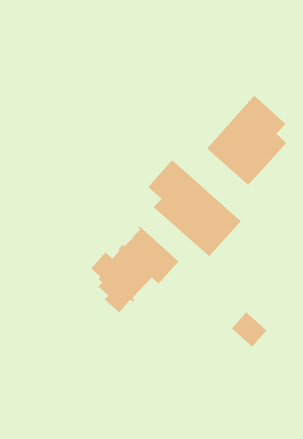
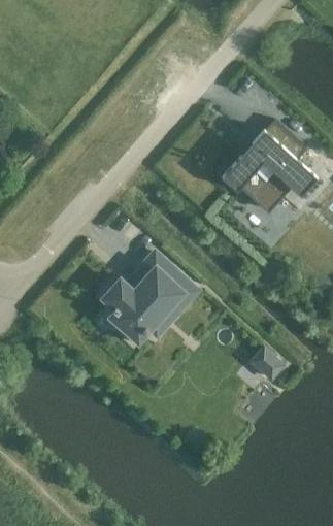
building: [147,159,242,257] -> none

